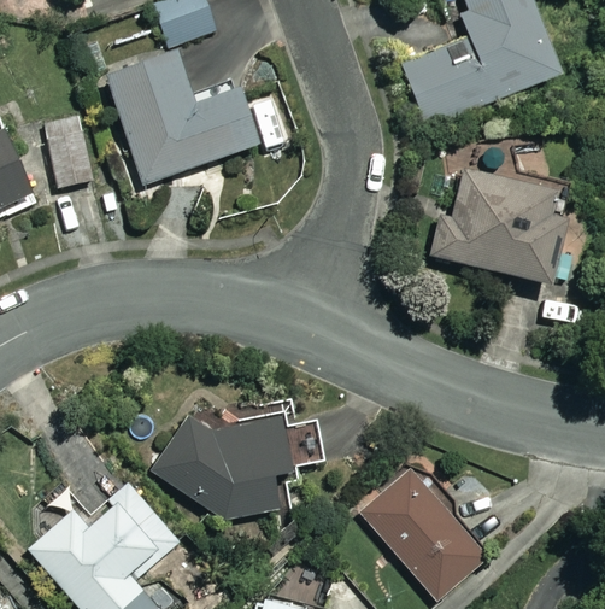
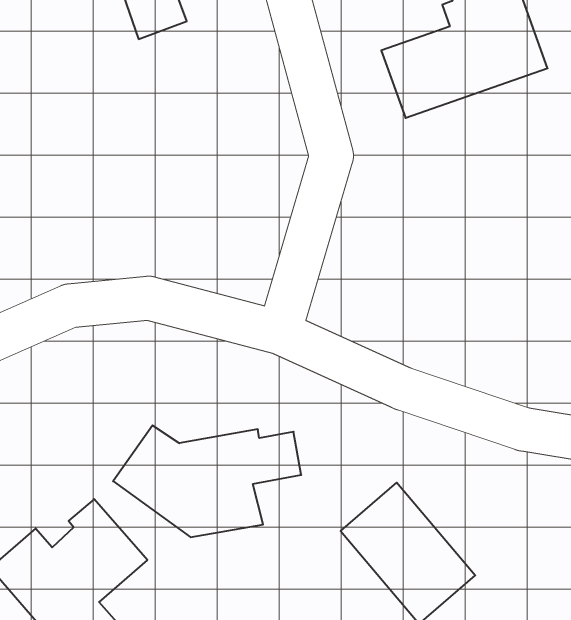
building: [105,52,255,183] -> none
building: [45,116,96,187] -> none
building: [429,170,564,285] -> none

